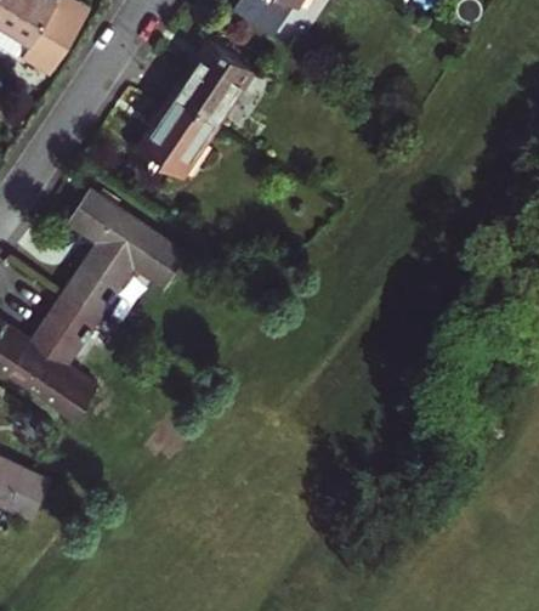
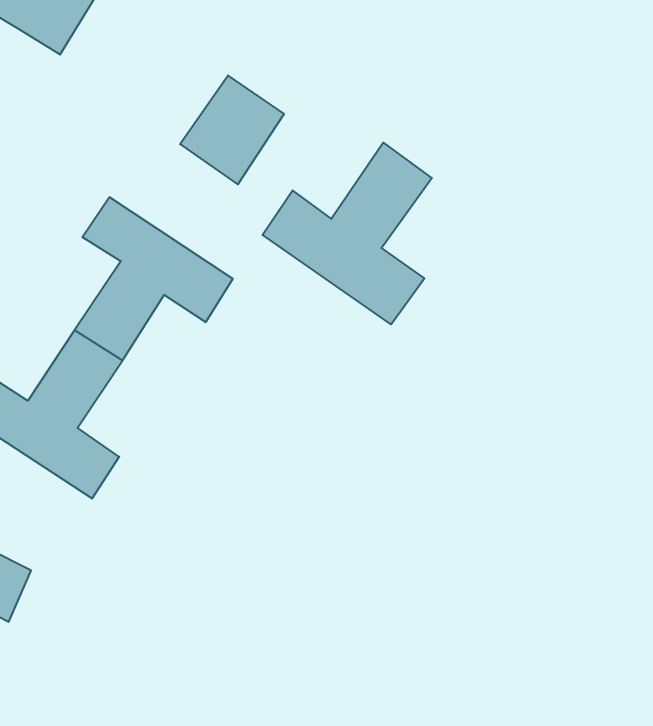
building: [178,44,255,125] -> none
building: none -> [262,143,432,324]

